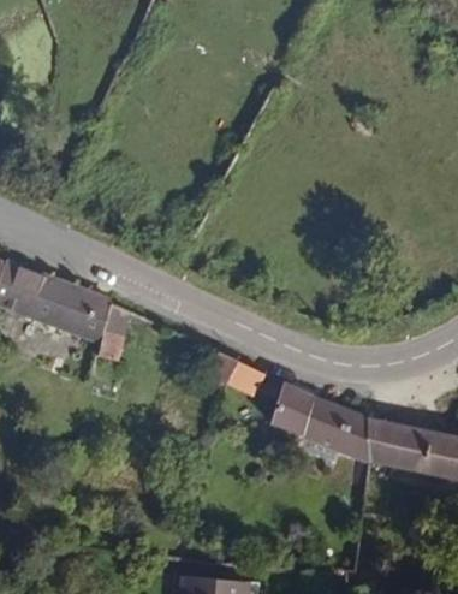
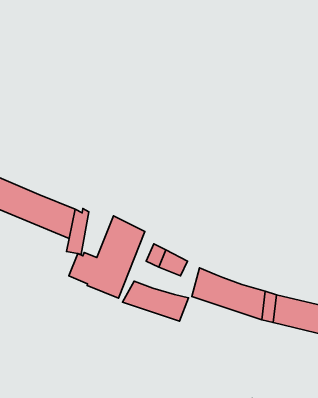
building: none -> [69,216,145,298]
building: none -> [122,281,189,321]

